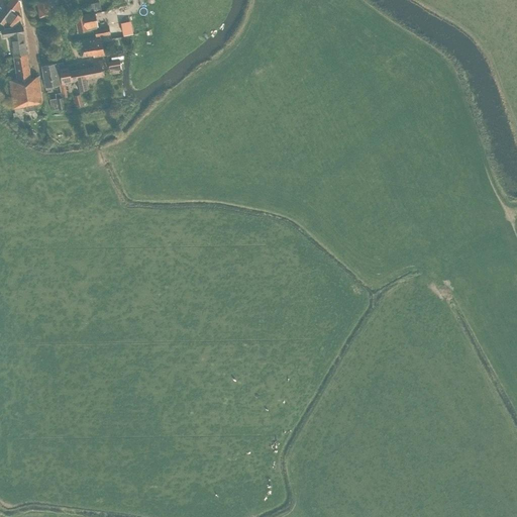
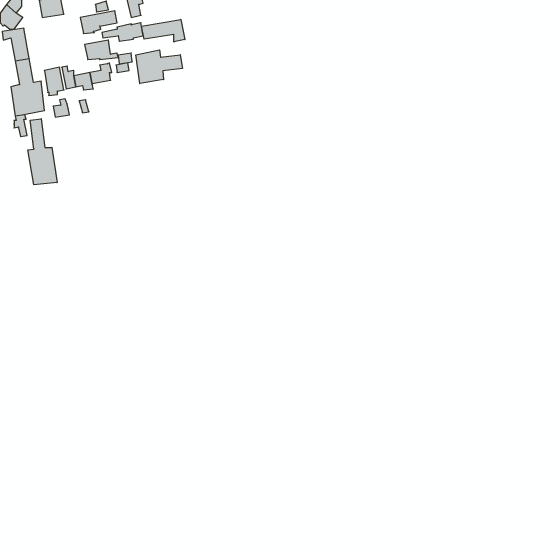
building: none -> [141,19,185,42]
building: none -> [136,50,182,84]
building: none -> [28,119,57,185]

